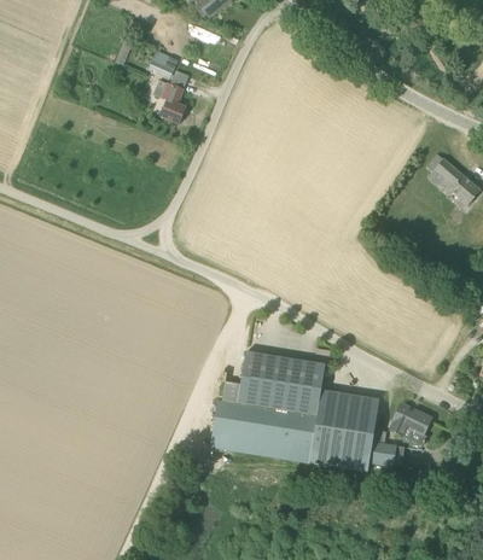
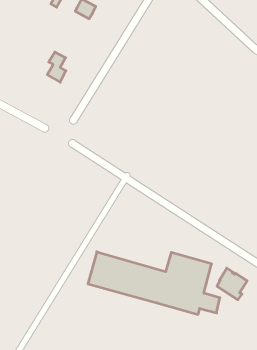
building: [161,82,186,123] -> [47,52,66,82]
building: [222,351,325,416] -> none

